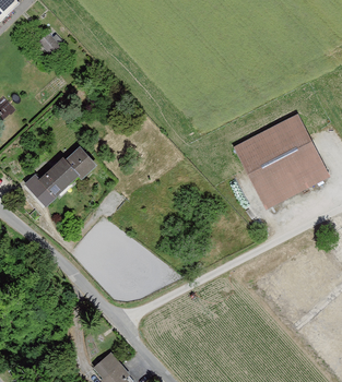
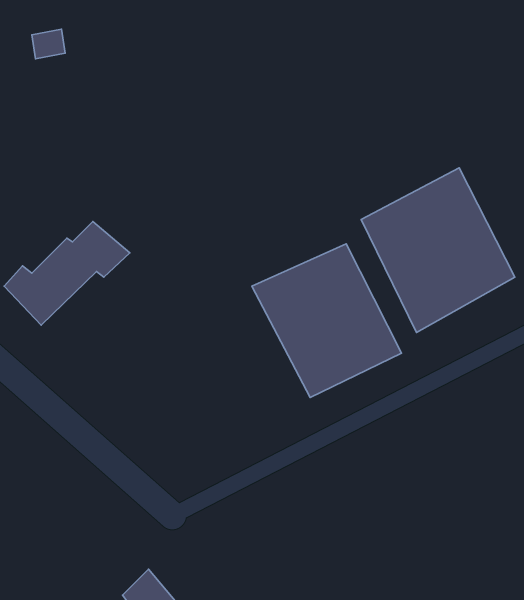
building: none -> [252,244,402,398]

